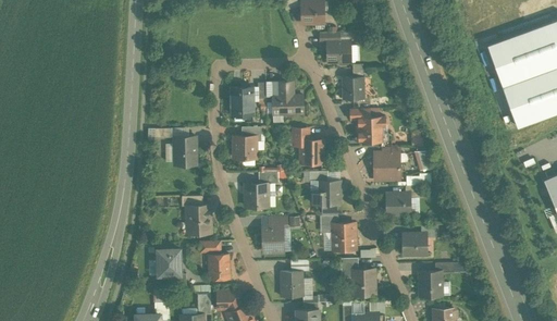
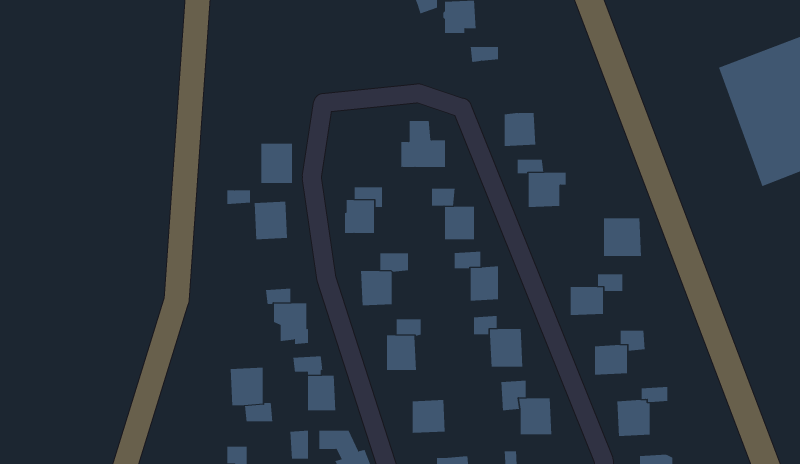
building: [327,41,350,64] -> none
building: [232,88,253,115] -> [260,143,293,184]
building: [374,153,400,180] -> [603,218,642,256]

